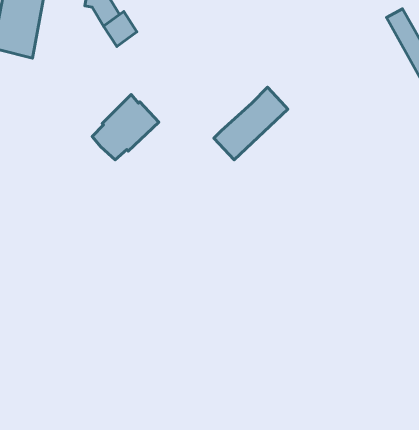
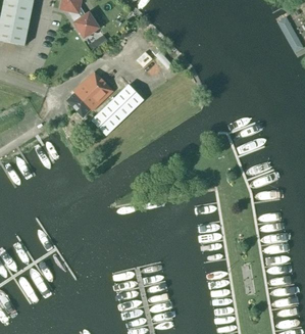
building: [214,87,288,160] -> [91,84,143,135]

